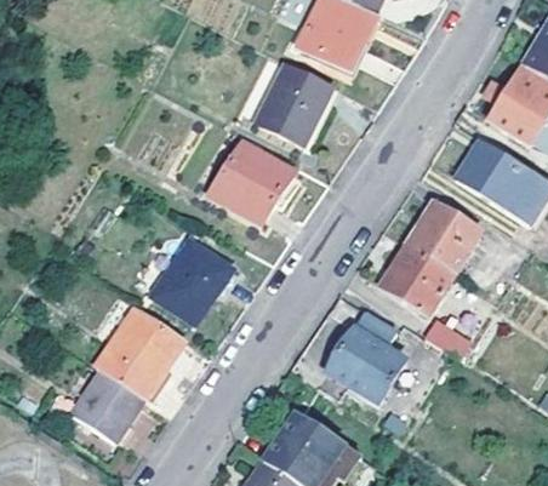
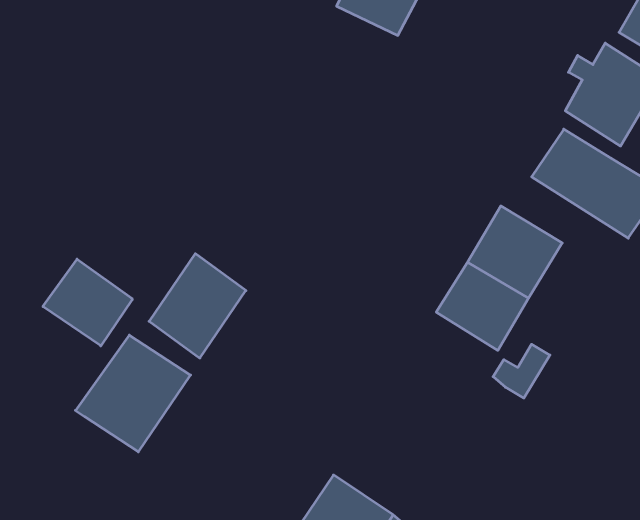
building: [257,64,333,144] -> none
building: [212,139,295,222] -> none
building: none -> [43,259,132,346]
building: [316,310,405,404] -> none
building: [72,366,145,438] -> none

